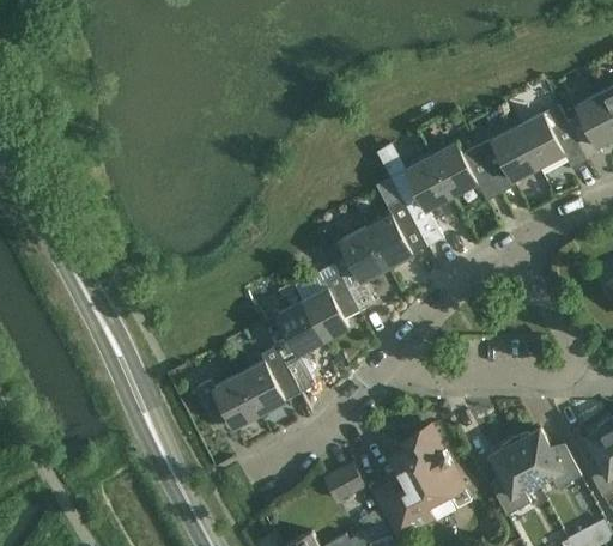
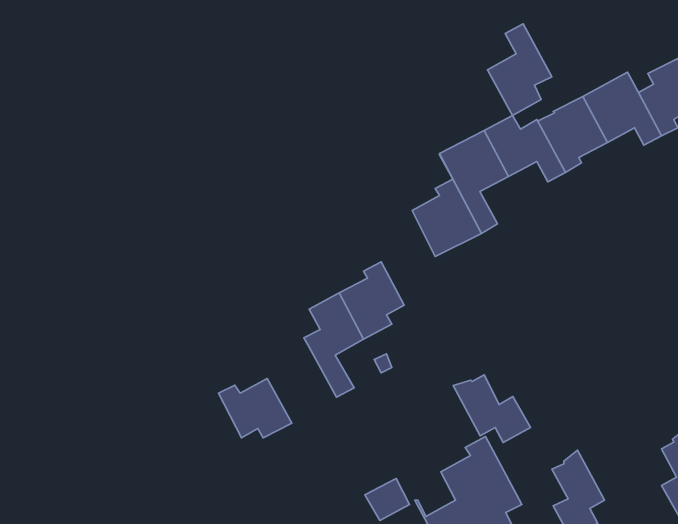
building: none -> [487,24,552,115]
building: [340,225,388,309] -> none
building: [239,346,301,413] -> none
building: [514,427,582,487] -> [453,375,530,442]

